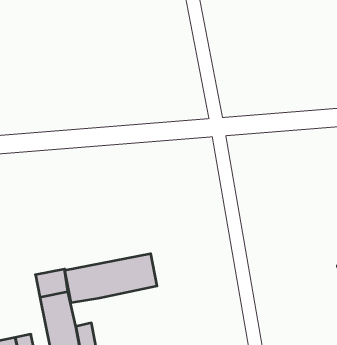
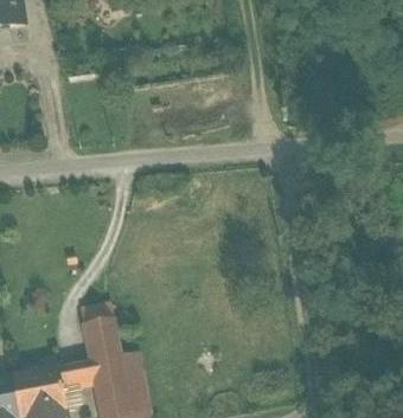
building: [65,254,157,303] -> none

